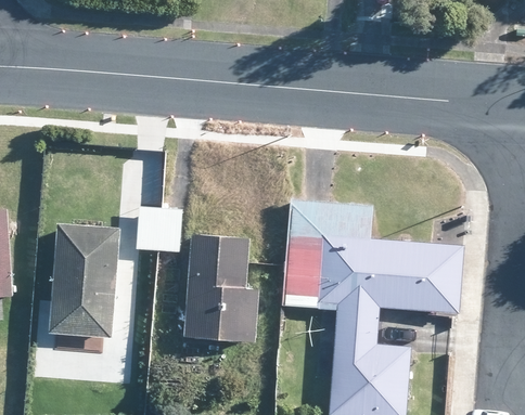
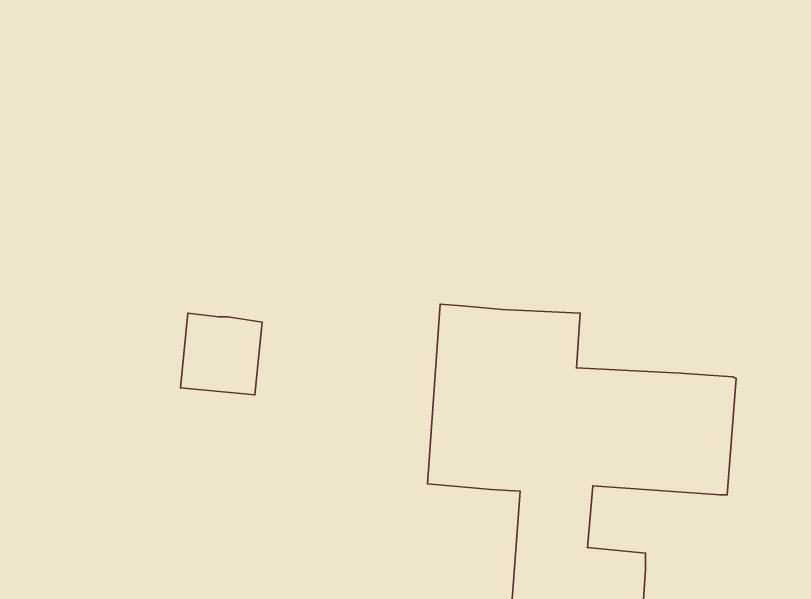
building: [48,219,120,337] -> none
building: [183,231,257,337] -> none

